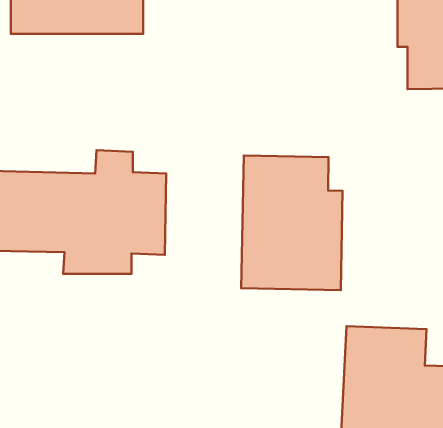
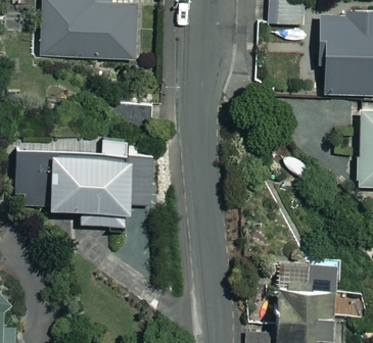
building: [241,156,342,290] -> none

